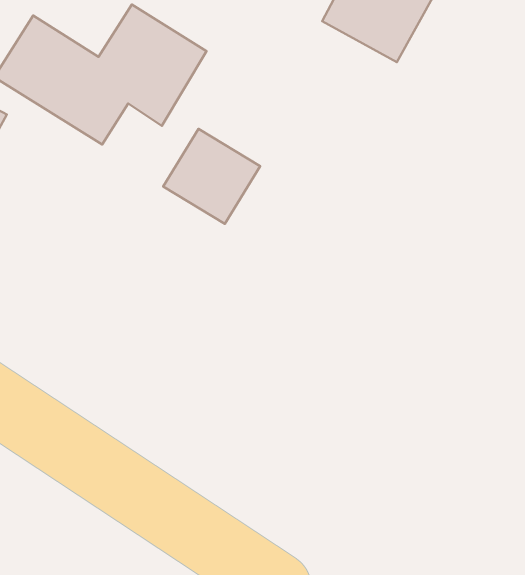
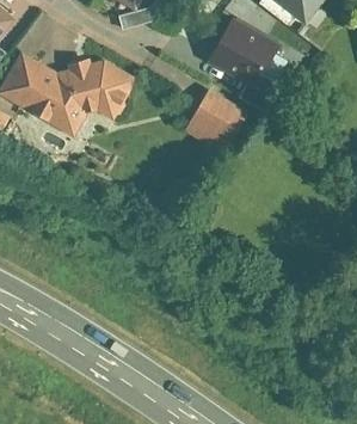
building: [163,129,260,224] -> [184,94,246,155]

